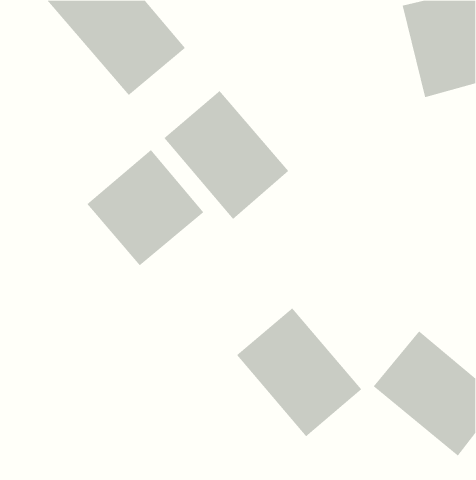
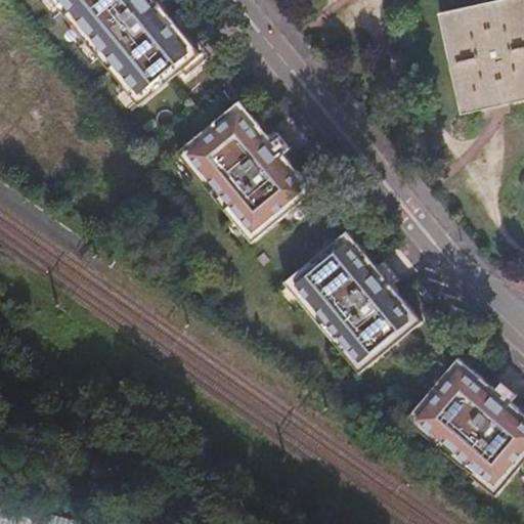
building: [87,149,204,266] -> none
building: [236,307,362,437] -> [288,226,425,367]

